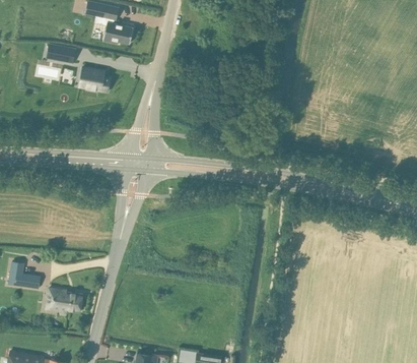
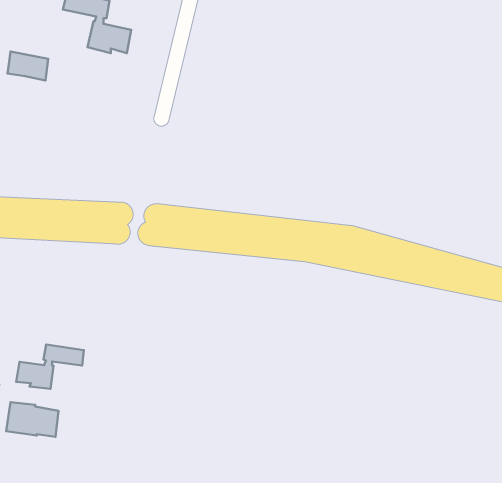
building: [80,67,111,93] -> none
building: none -> [16,345,84,389]

